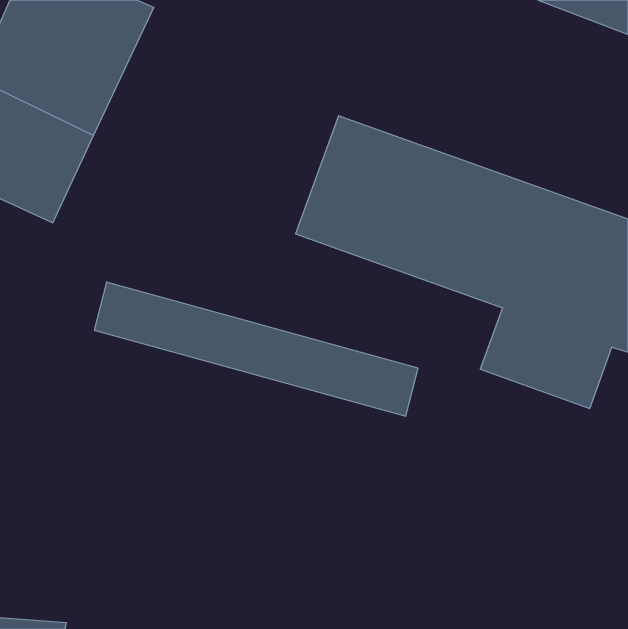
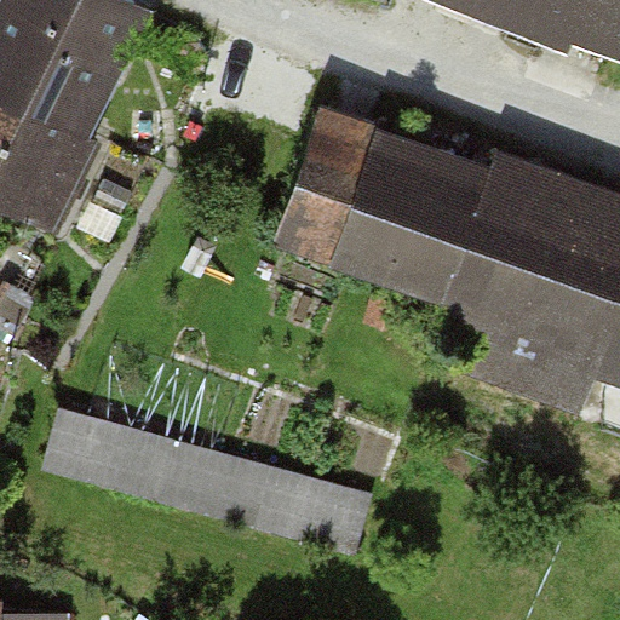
building: [94,282,418,416] -> [47,411,366,542]

